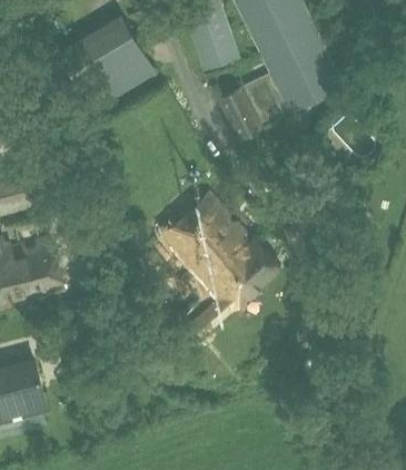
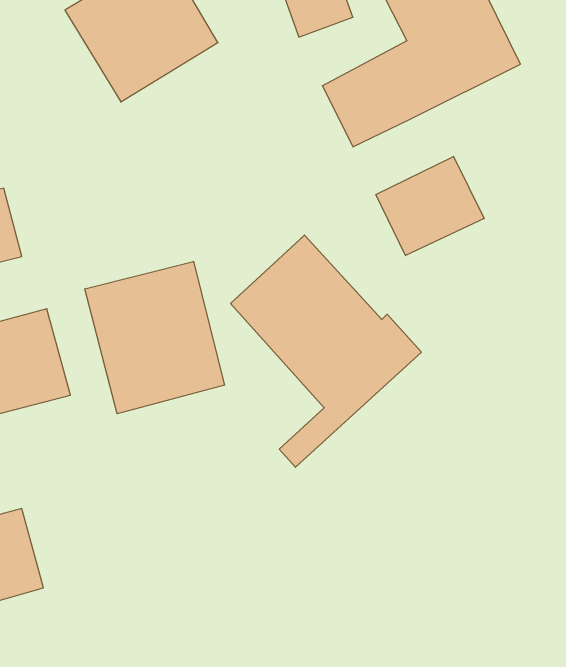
building: none -> [376,156,484,256]
building: none -> [85,261,224,414]

